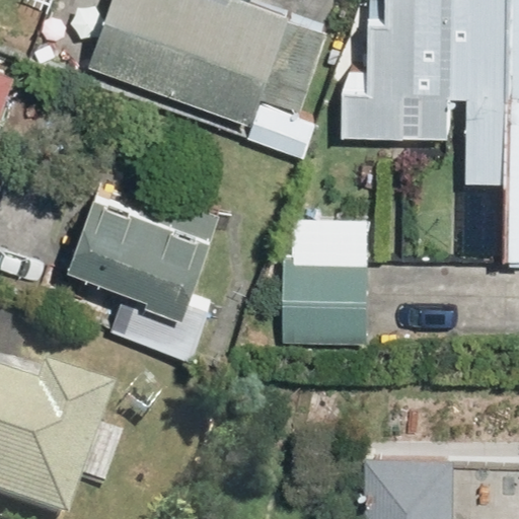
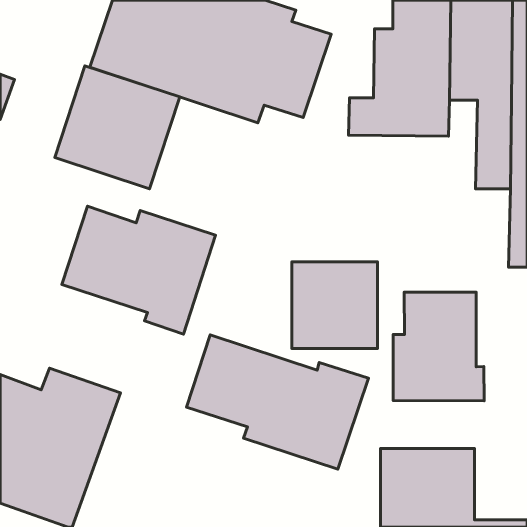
building: none -> [55,66,180,189]
building: none -> [393,292,484,401]
building: none -> [186,335,368,469]

